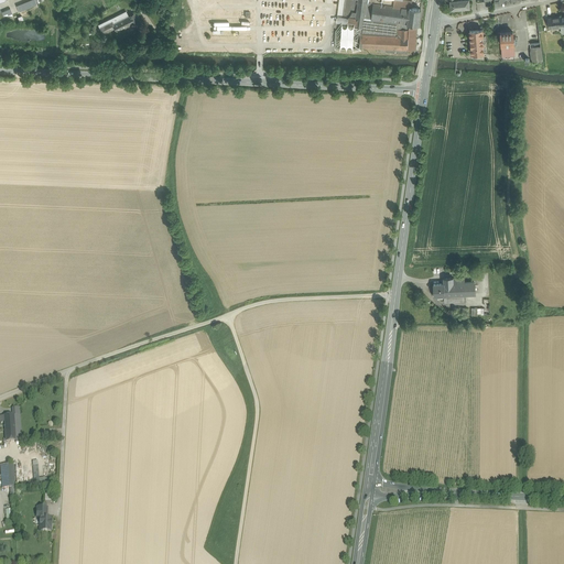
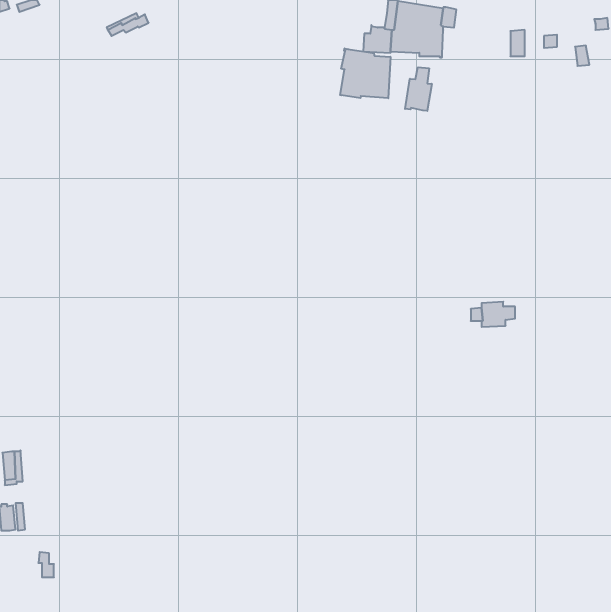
building: none -> [340,48,390,98]
building: none -> [405,67,432,111]

